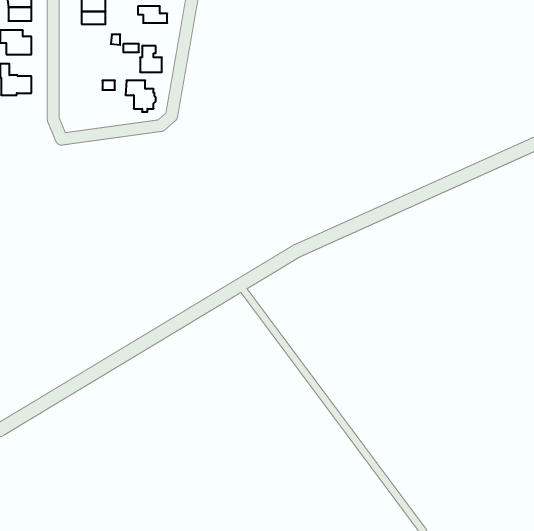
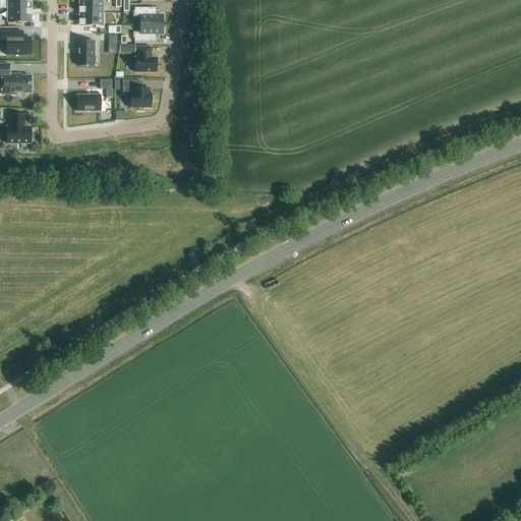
building: none -> [134,22,163,40]
building: none -> [77,40,94,64]
building: none -> [76,93,101,109]
building: none -> [6,113,31,141]

